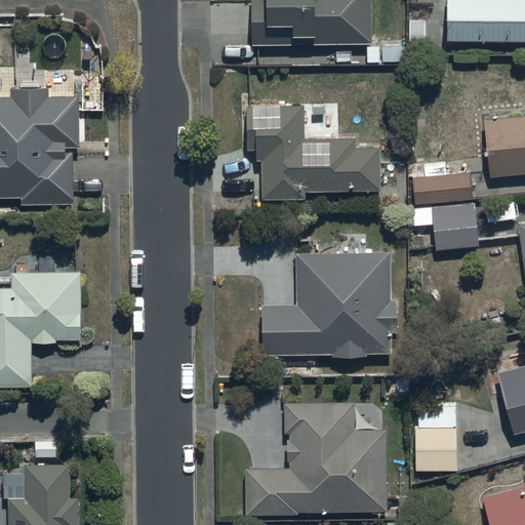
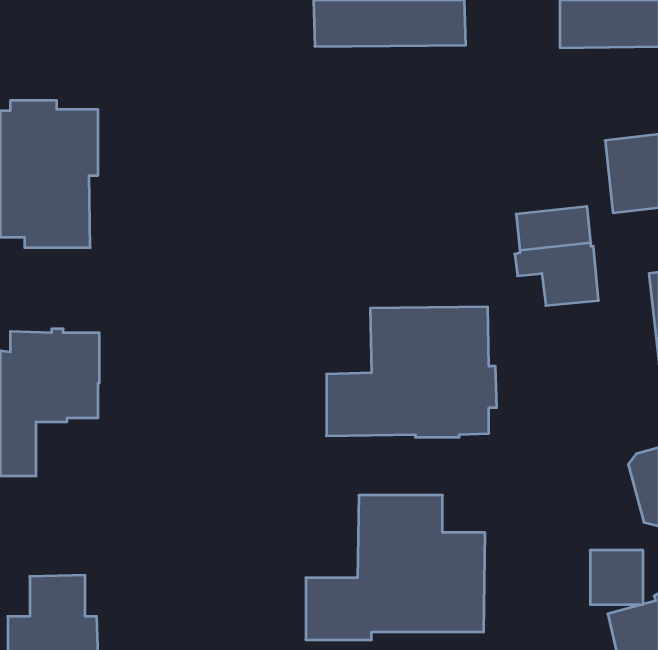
building: [245,105,380,198] -> none
building: [414,428,456,471] -> [590,550,643,604]

